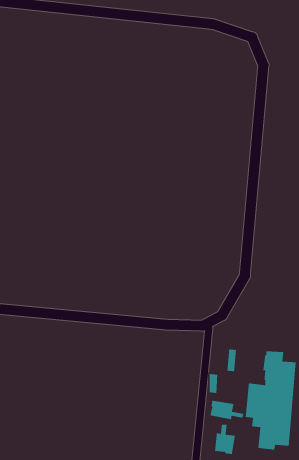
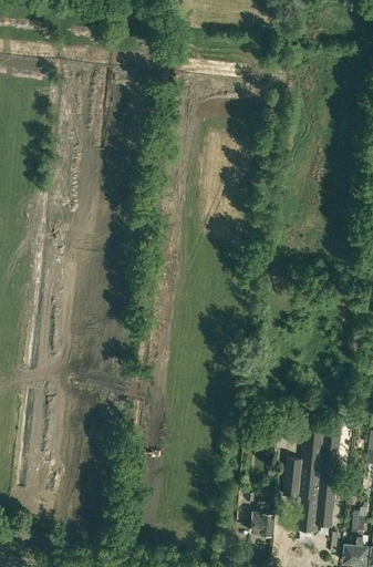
building: [209,400,245,420] -> none

